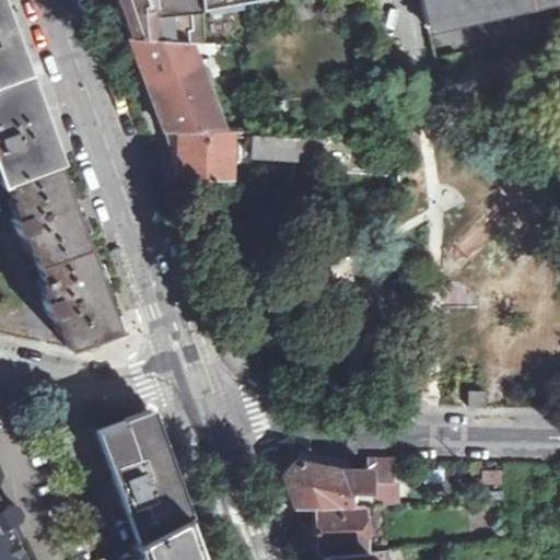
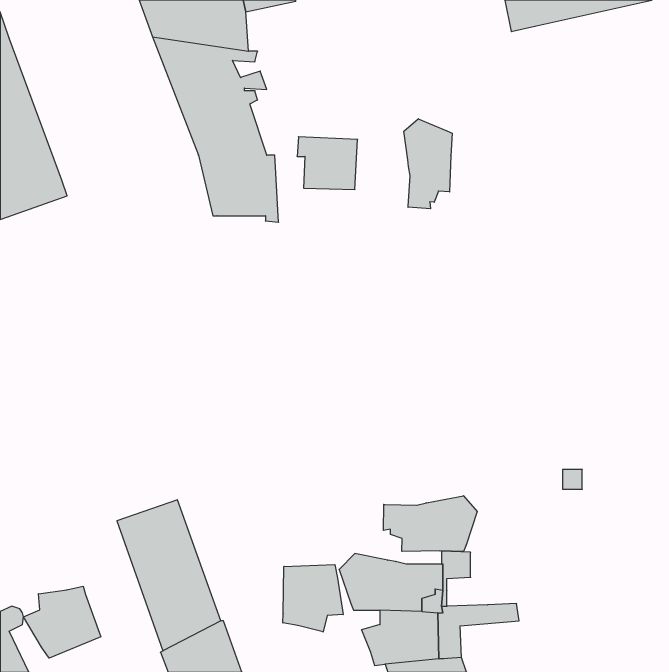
building: none -> [404,119,452,209]
building: [9,163,118,347] -> none
building: none -> [383,496,477,551]
building: none -> [283,565,343,632]
building: none -> [24,586,101,658]

